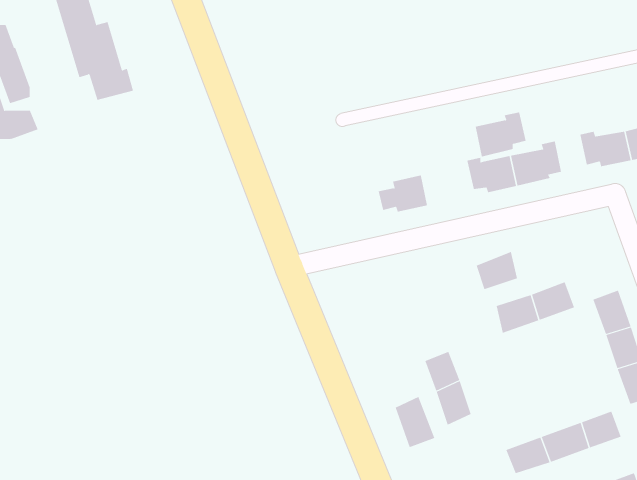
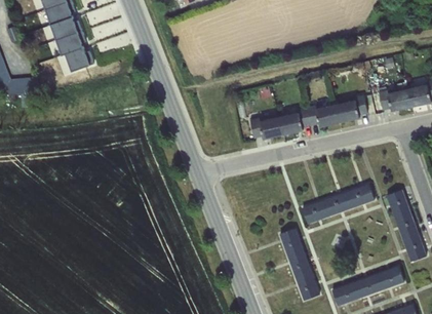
building: [475,112,526,157] -> [277,107,310,135]
building: [476,251,518,290] -> [302,199,328,224]
building: [395,396,435,448] -> [293,268,319,301]

